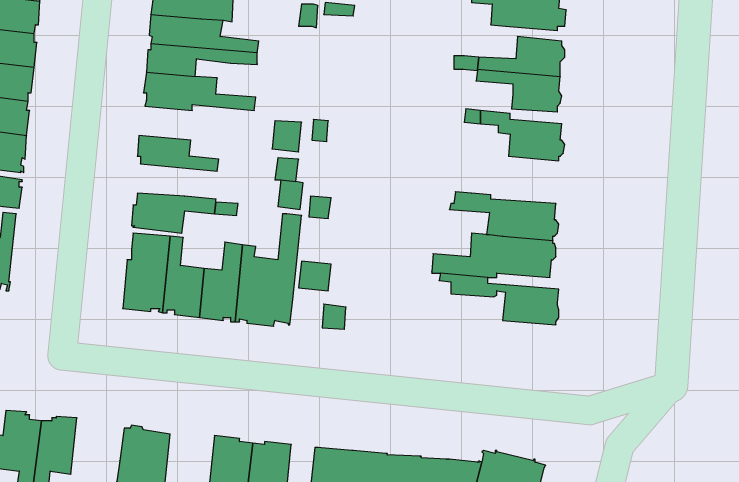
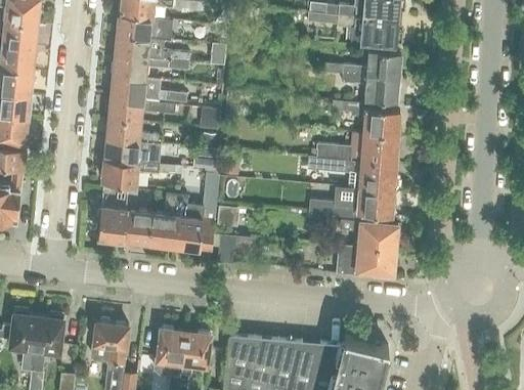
building: none -> [106,98,175,122]
building: none -> [316,133,400,162]
building: none -> [103,138,161,161]
building: none -> [336,245,396,275]

